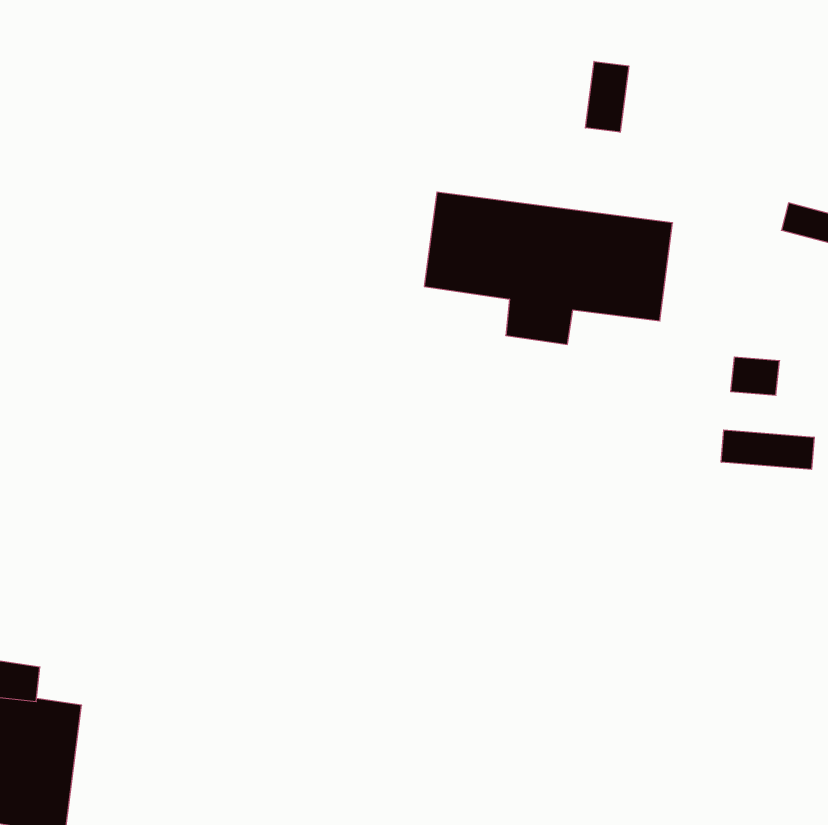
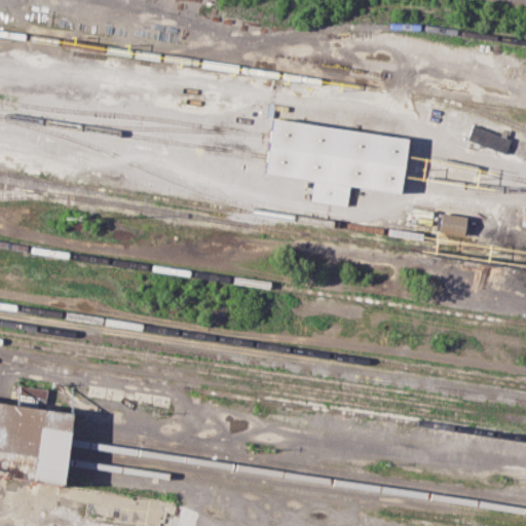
building: [585,61,629,132] -> none
building: [721,430,814,469] -> none

